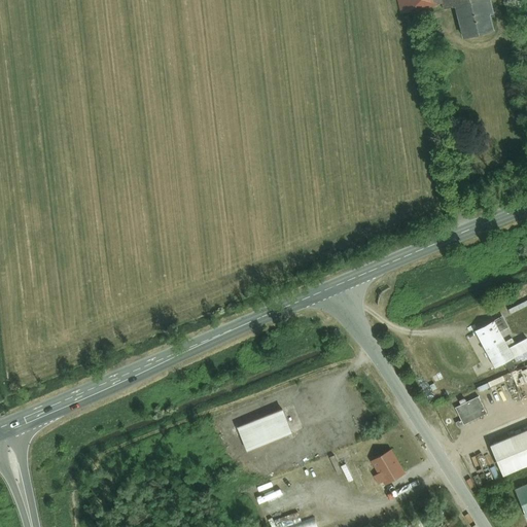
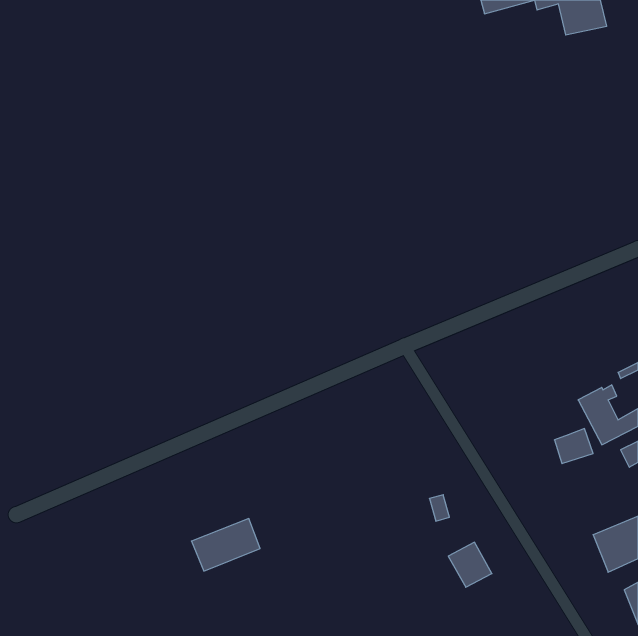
building: [456,395,488,424] -> [554,429,593,464]
building: [236,409,292,452] -> [191,519,260,571]

